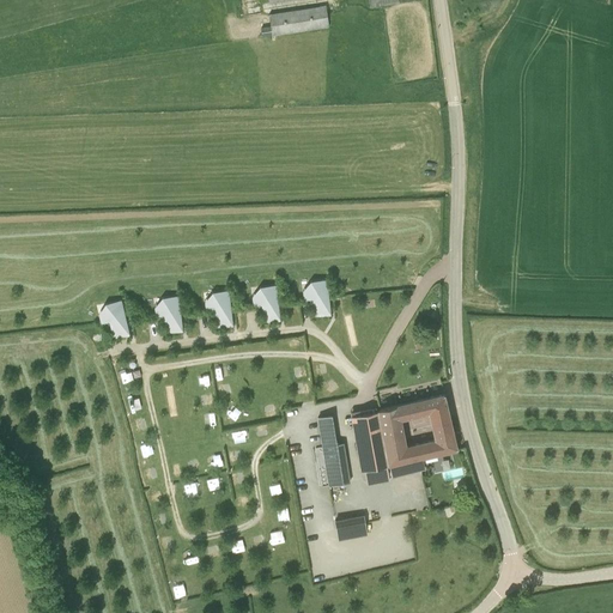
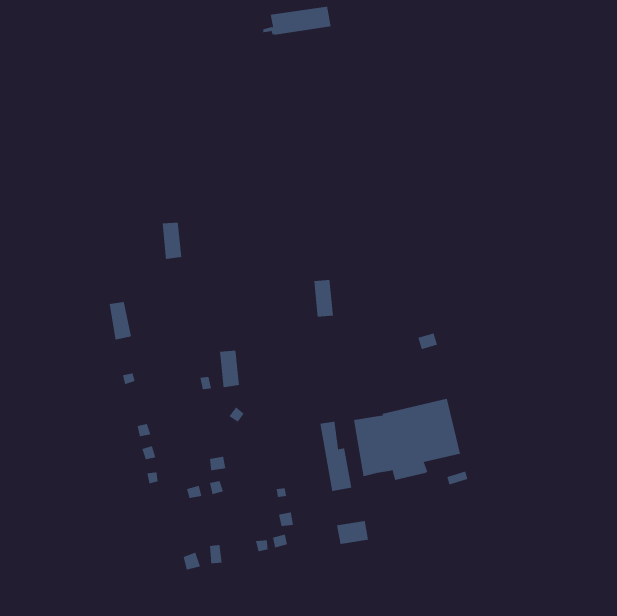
building: [262,284,281,321] -> none
building: [214,289,235,326] -> [219,350,240,388]
building: [165,293,186,330] -> [162,222,182,260]

